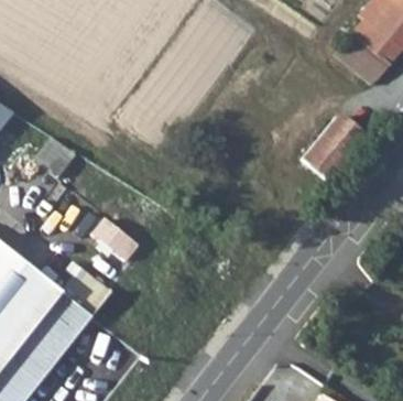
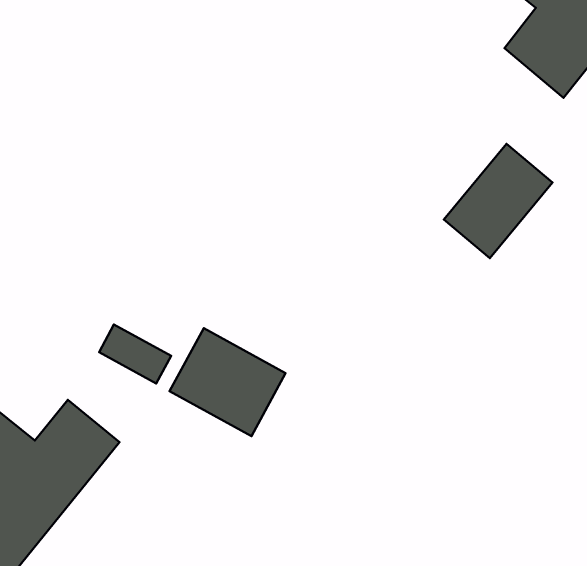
building: none -> [169,328,286,436]

